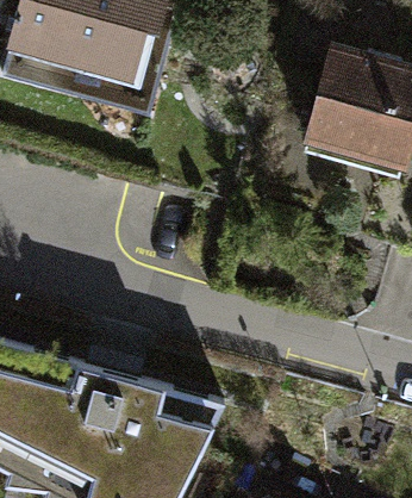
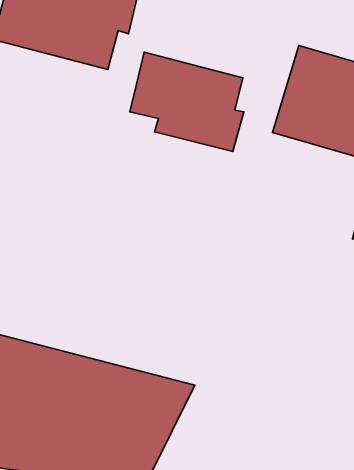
building: none -> [130,52,244,151]

